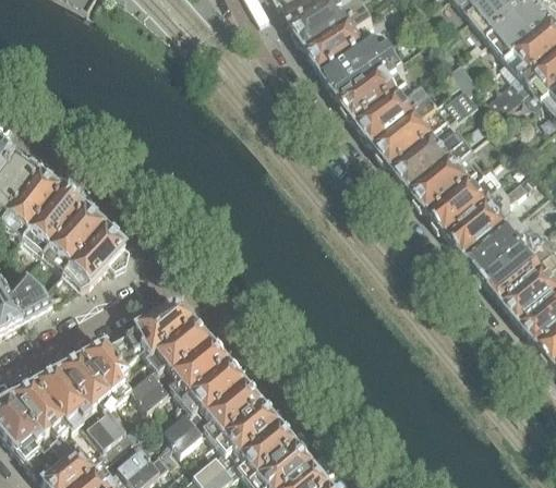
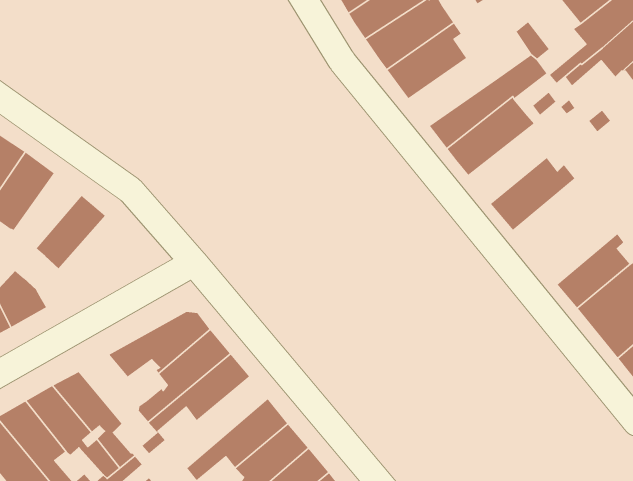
building: [362,90,437,148] -> none
building: [413,146,487,215] -> none
building: [25,188,83,253] -> none
building: [451,193,541,283] -> none
building: [62,224,130,288] -> none
building: [81,343,138,402] -> none
building: [164,362,242,440] -> none

